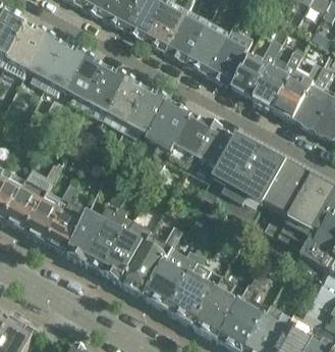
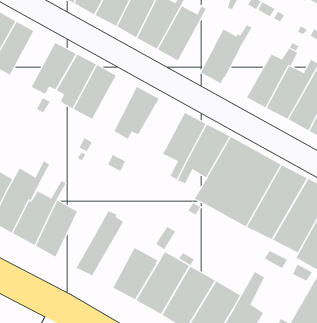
building: [186,19,230,73] -> none
building: [26,33,66,88] -> none
building: [232,38,282,98] -> none
building: [103,77,146,131] -> none
building: [141,99,192,185] -> none
building: [67,192,125,264] -> none
building: [103,206,151,284] -> none

